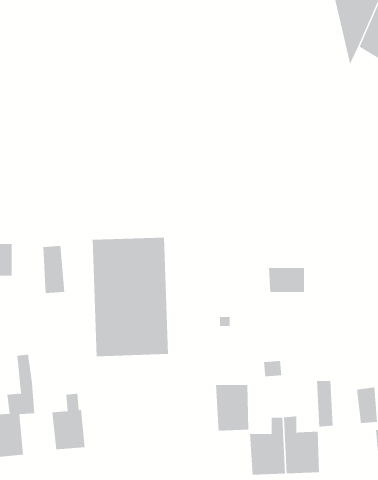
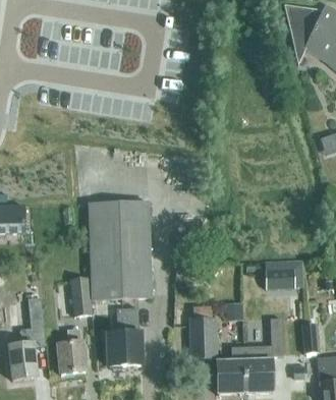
building: [42,246,65,293] -> [72,276,91,315]
building: [268,267,305,293] -> [265,268,294,288]
building: none -> [106,307,138,368]

